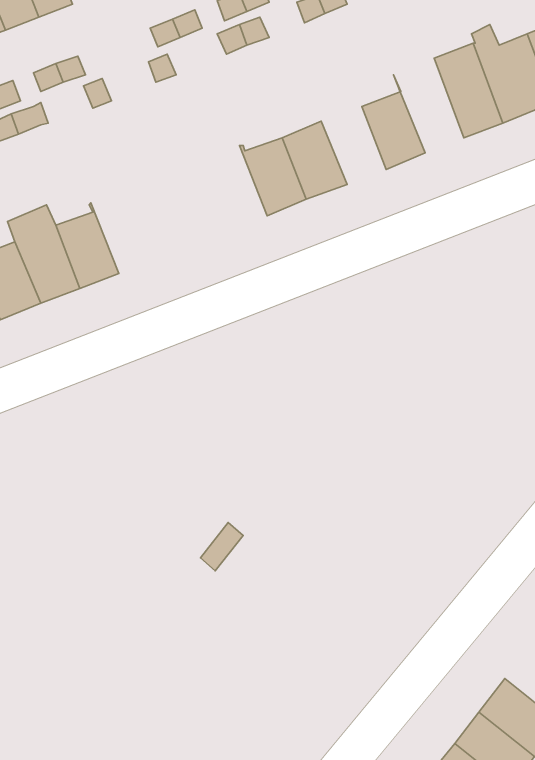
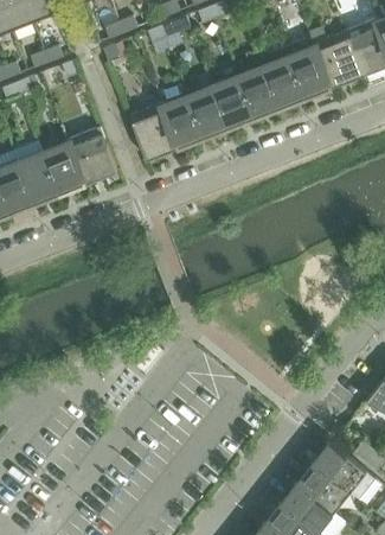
building: none -> [259,46,304,107]
building: none -> [213,77,255,127]
building: none -> [129,102,179,159]
building: none -> [66,126,117,184]

